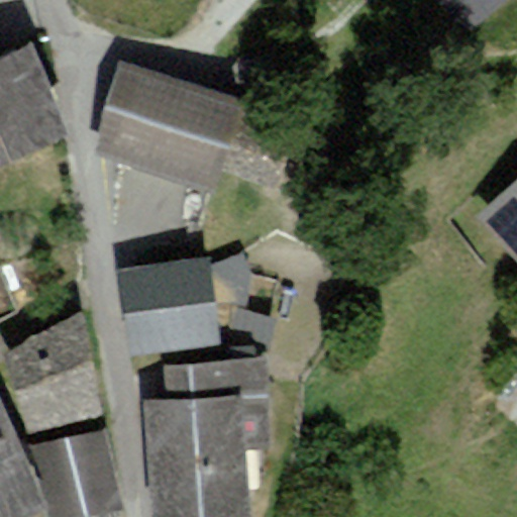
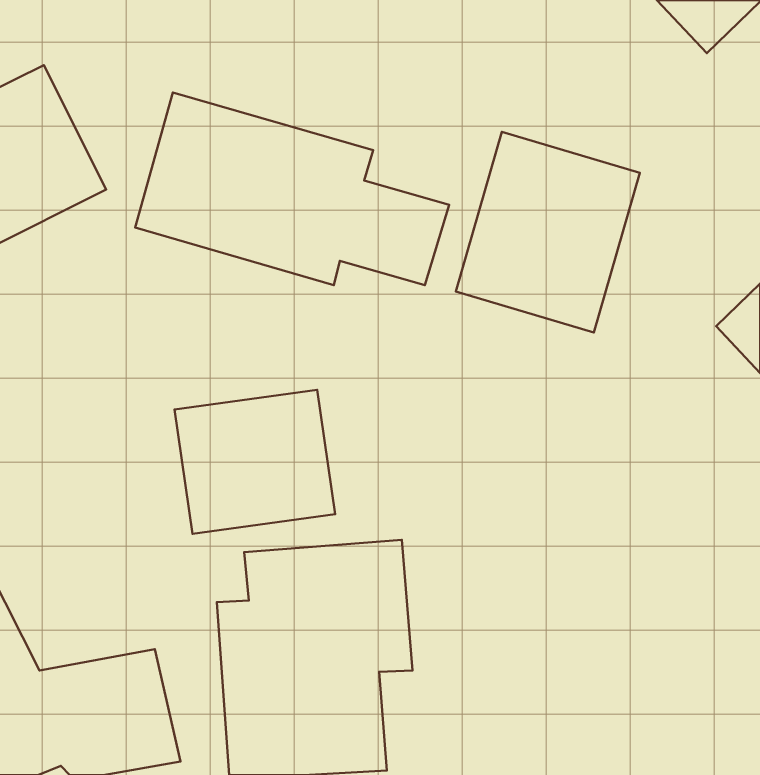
building: none -> [456,132,640,332]
building: [4,322,103,429] -> none

